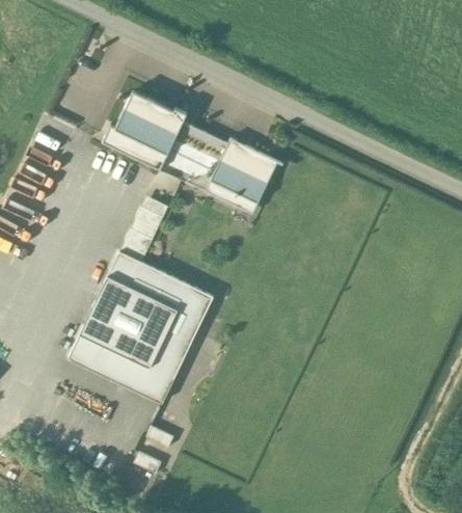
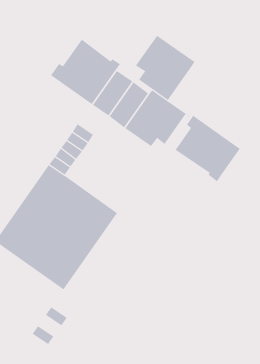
building: none -> [135,32,195,101]
building: none -> [175,115,241,182]

